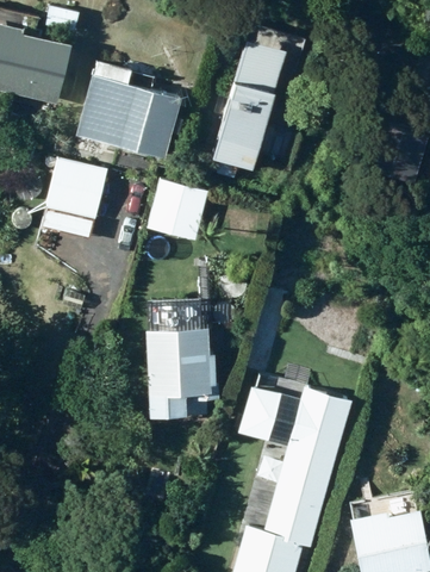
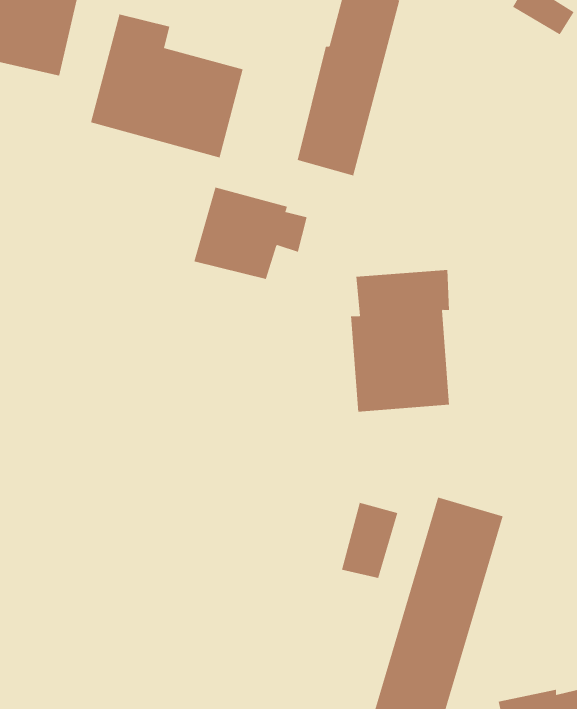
building: [39,156,107,241] -> none
building: [143,303,210,398] -> [350,270,450,412]

